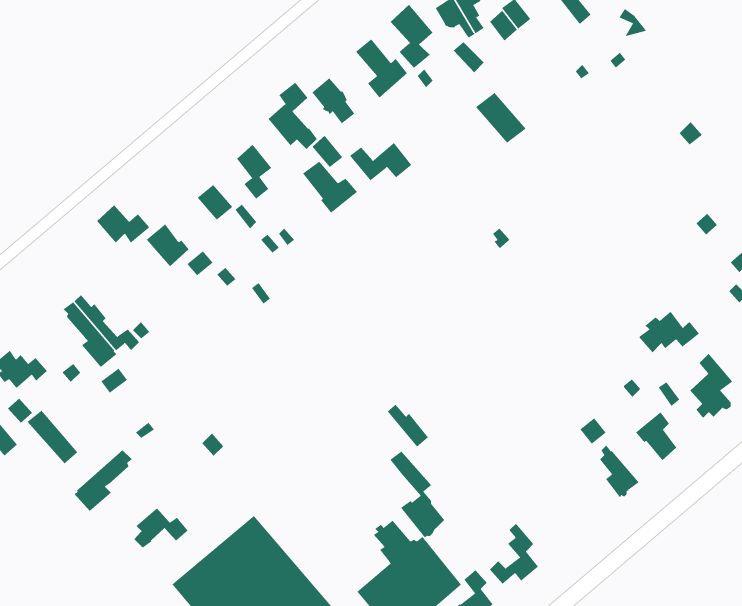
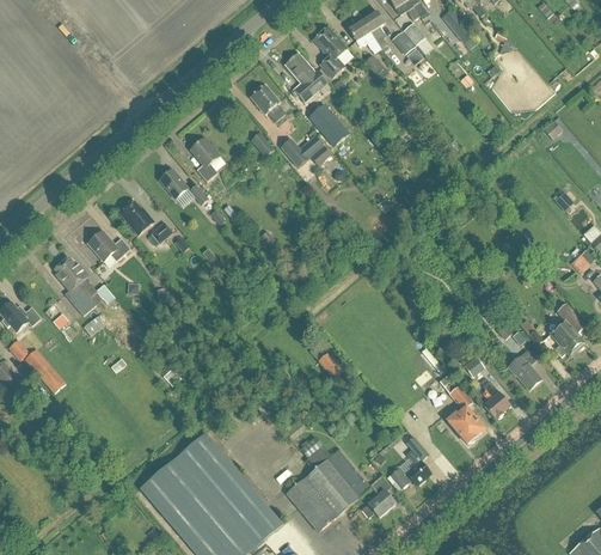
building: [268,82,317,150] -> none
building: [475,92,526,143] -> [308,104,349,145]
building: [302,161,358,214] -> none
building: [96,204,150,244] -> [87,230,130,261]
building: [638,311,700,353] -> none
building: [74,449,133,512] -> none
building: [390,451,445,538] -> [439,373,483,443]
building: [133,508,189,548] -> none

